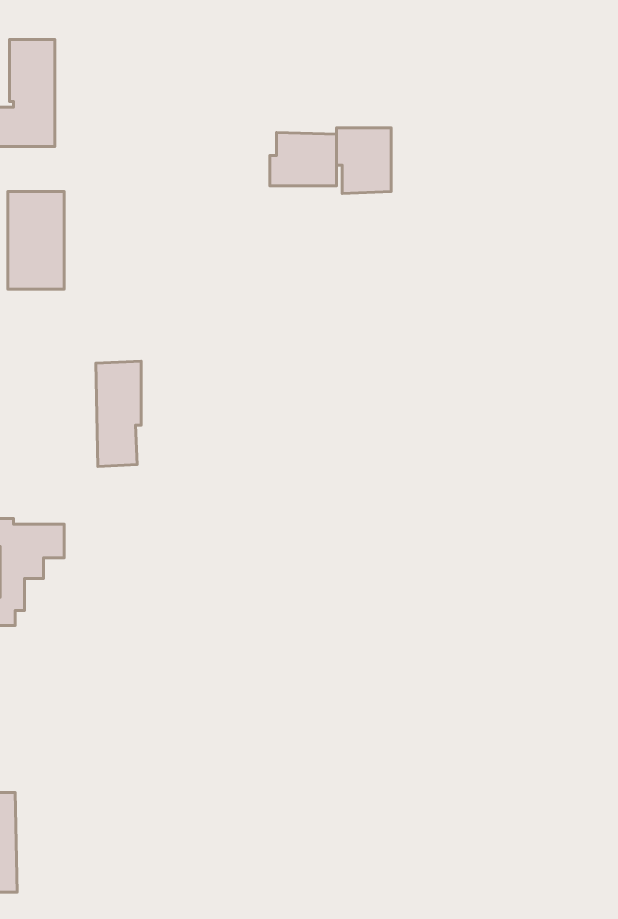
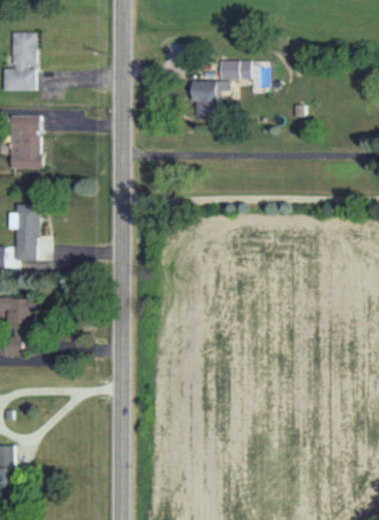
building: none -> [218,61,250,80]
building: [270,133,337,186] -> none
building: [96,361,141,466] -> [14,204,39,262]

